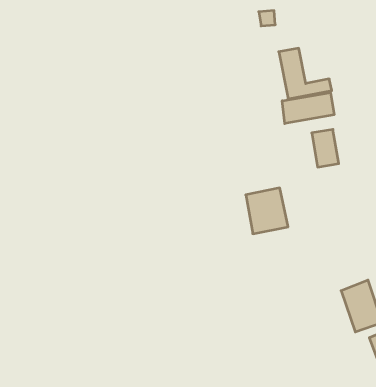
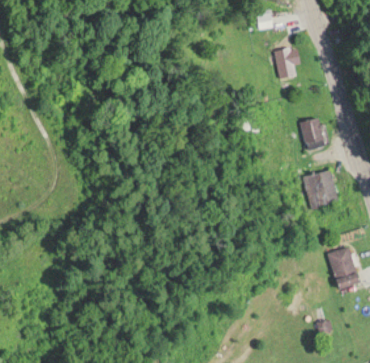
building: [282,92,334,124] -> none
building: [246,188,288,234] -> [302,170,338,209]

